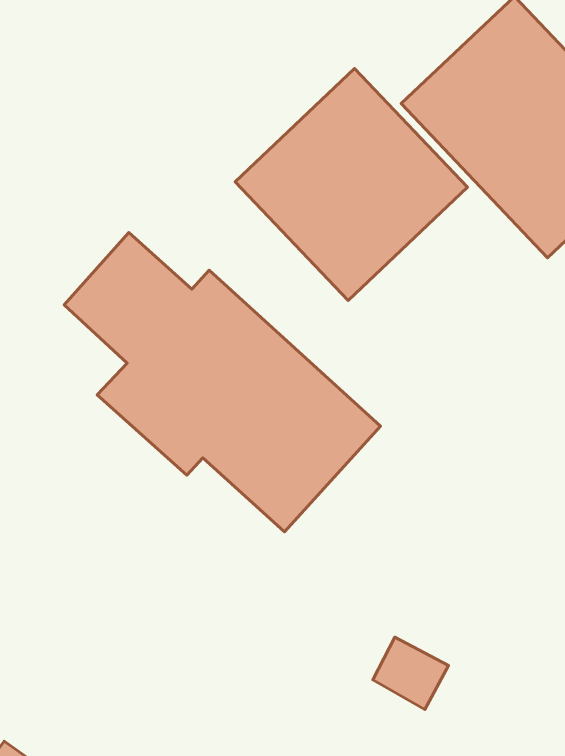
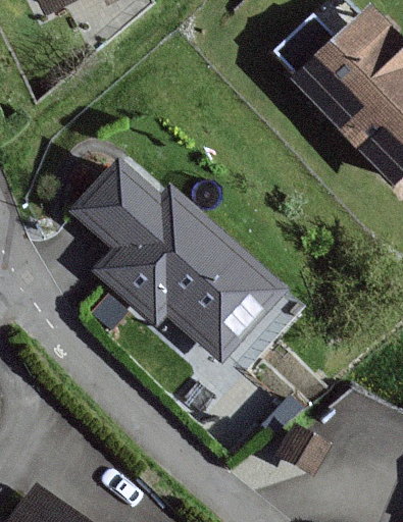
building: [235,69,468,301] -> none

